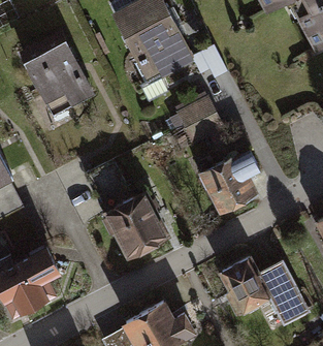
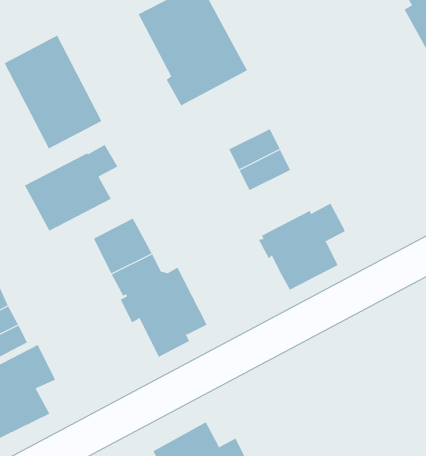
building: none -> [24,144,118,231]
building: [222,258,309,321] -> none

